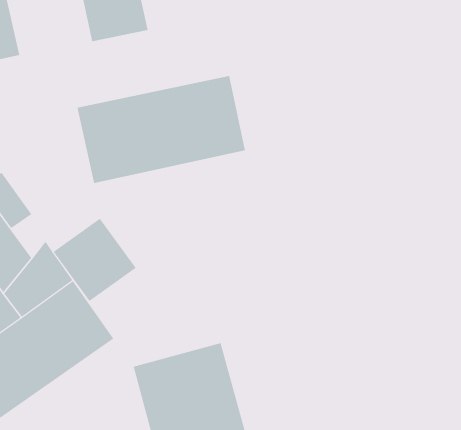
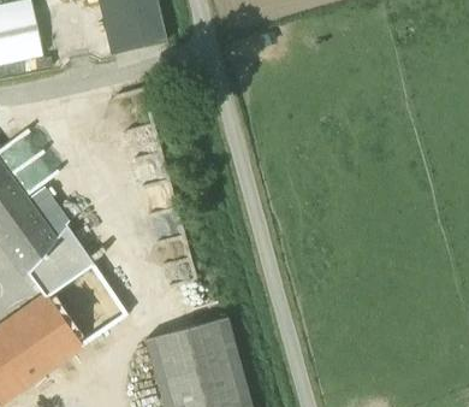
building: [77,75,246,184] -> none
building: [53,218,136,302] -> none

